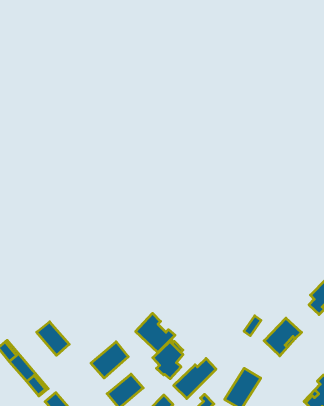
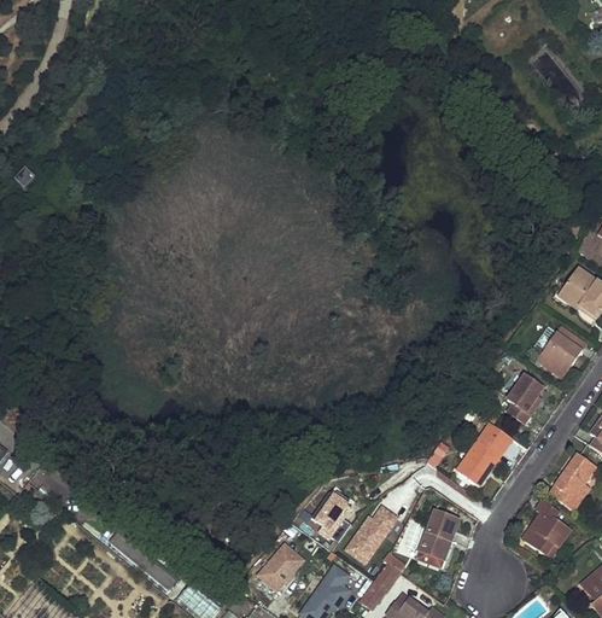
building: [136,313,175,352] -> none
building: [37,322,69,355] -> none
building: [91,342,128,378] -> none

